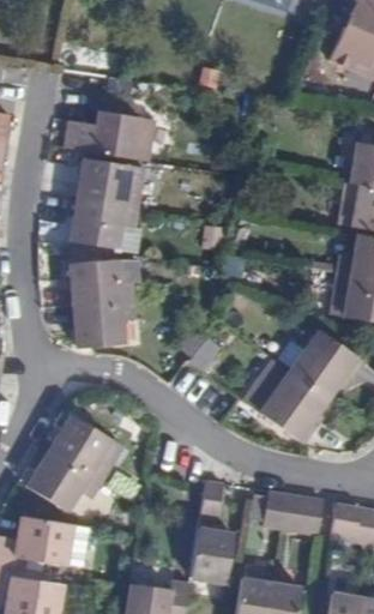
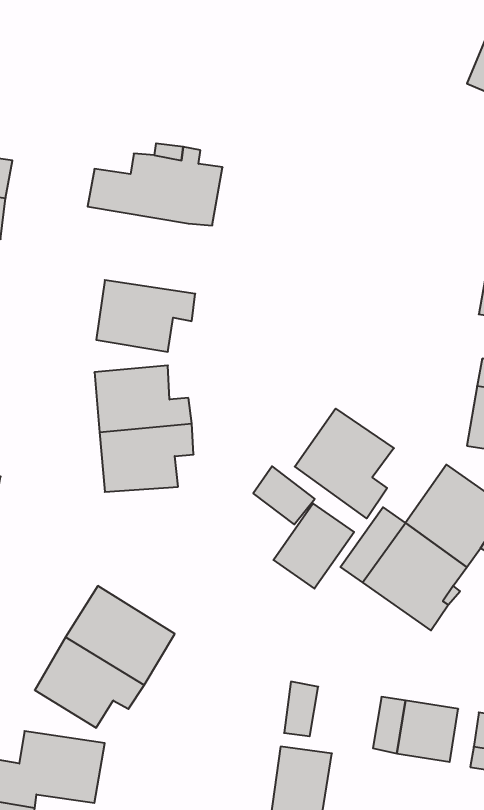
building: [76,157,143,209] -> none
building: none -> [295,409,394,518]
building: none -> [273,503,354,589]

